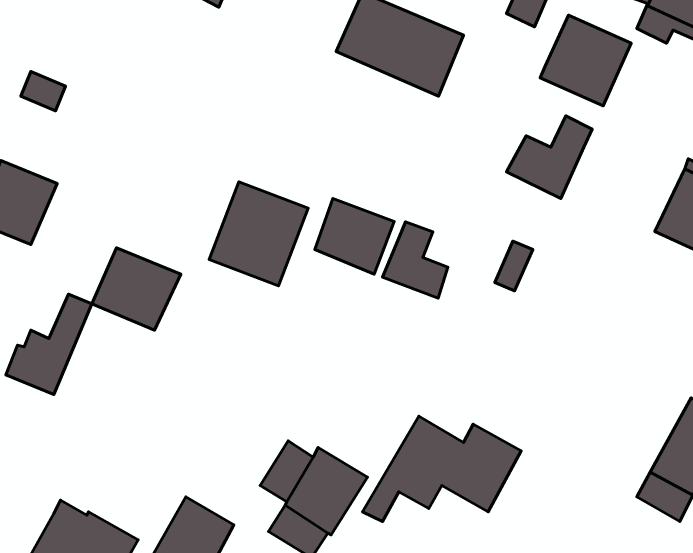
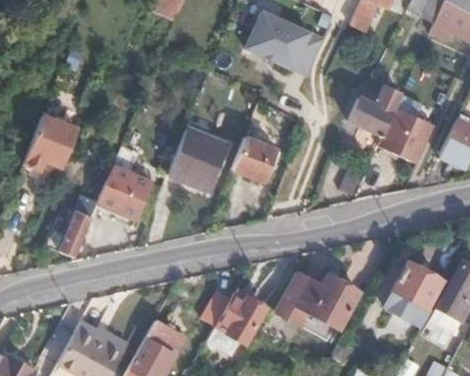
building: [540,15,631,106] -> [380,106,435,161]
building: [382,222,448,298] -> none
building: none -> [387,262,439,326]

